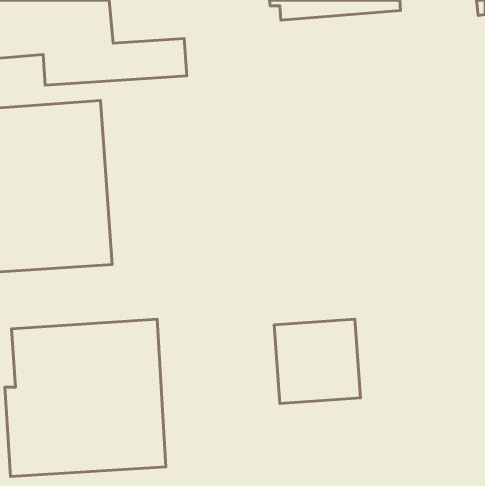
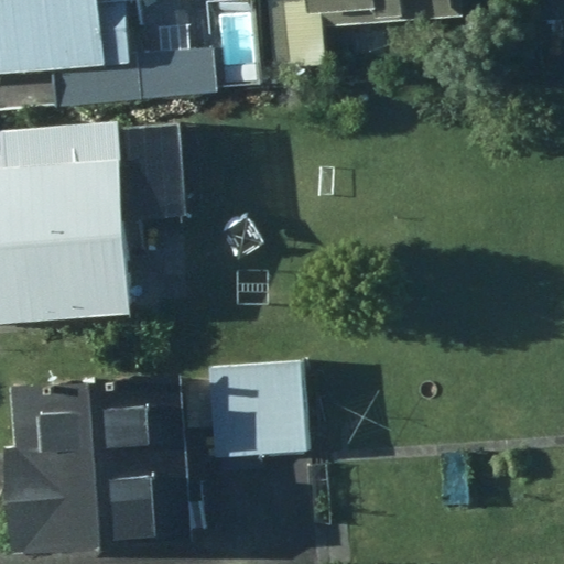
building: [274,319,360,403] -> [207,361,306,458]

